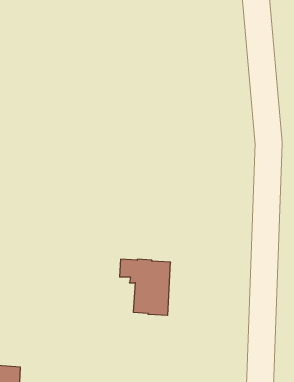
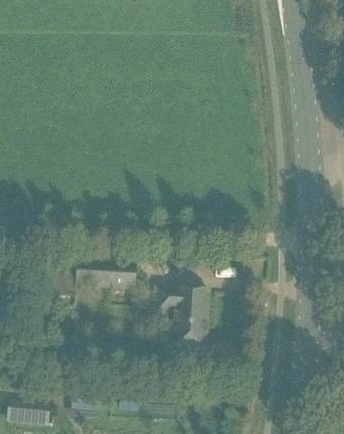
building: none -> [74,265,135,292]

